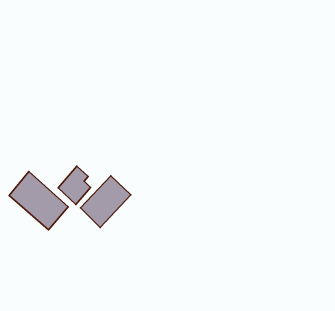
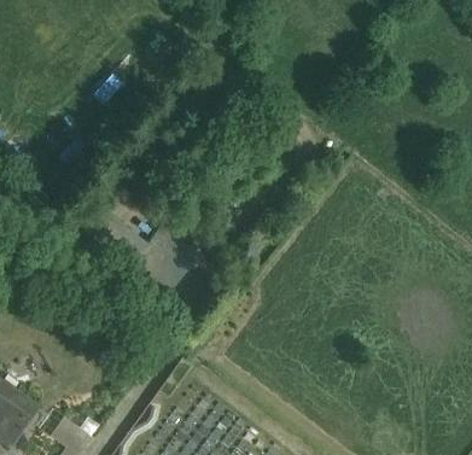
building: [9,172,68,230] -> none

